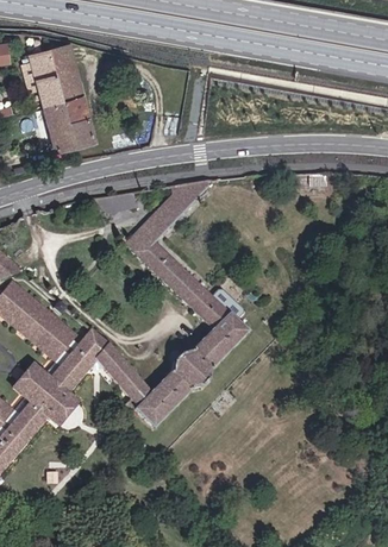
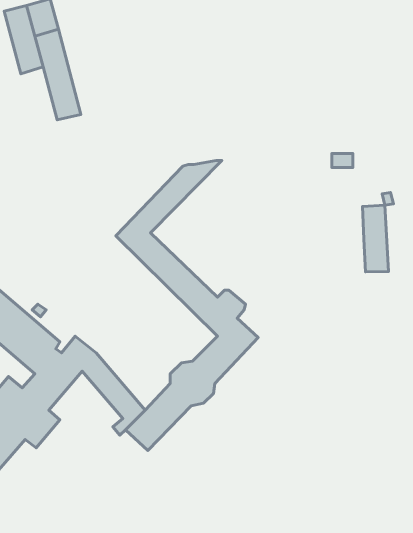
building: [38,100,75,150] -> none
building: none -> [363,205,388,272]

